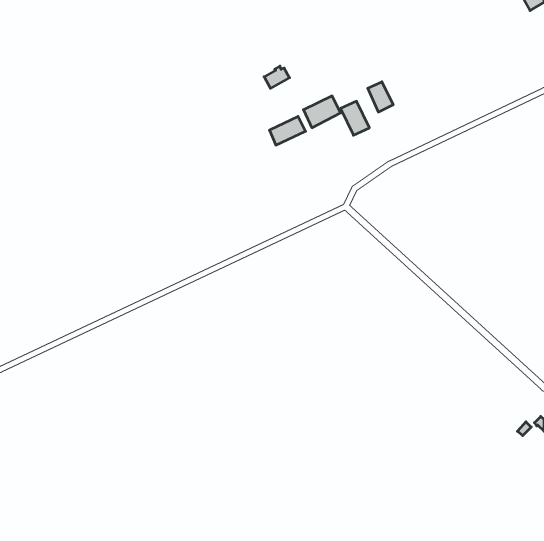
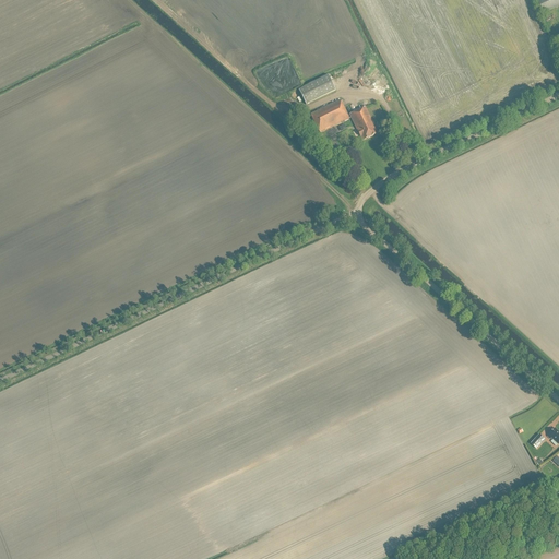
building: [368,82,393,112] -> none
building: [269,116,306,145] -> [299,73,336,103]

